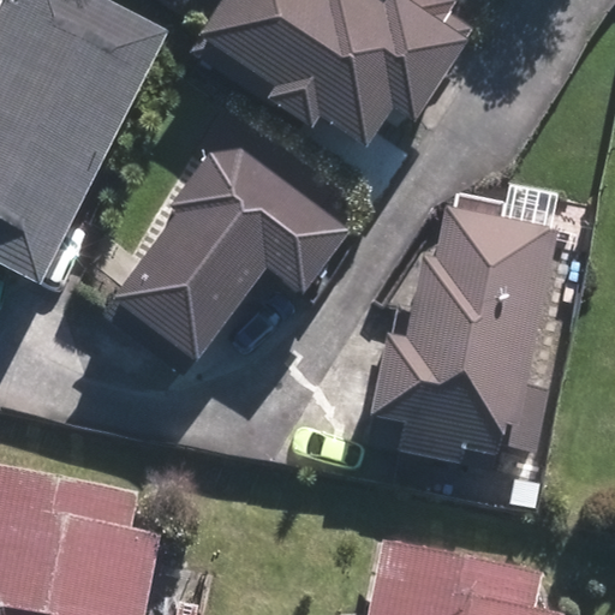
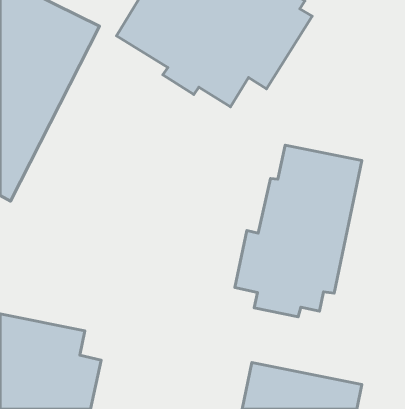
building: [105,156,344,370] -> none

